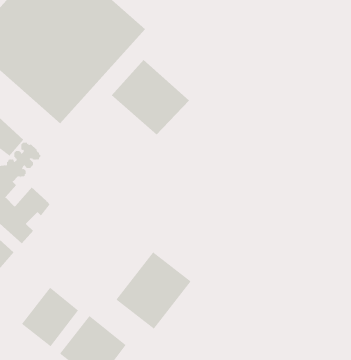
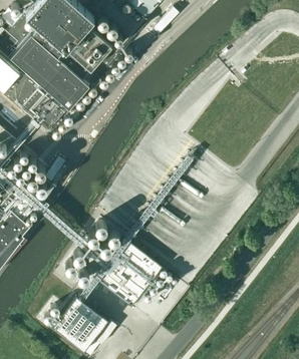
building: [111,59,190,136] -> none
building: [21,287,79,347] -> none

